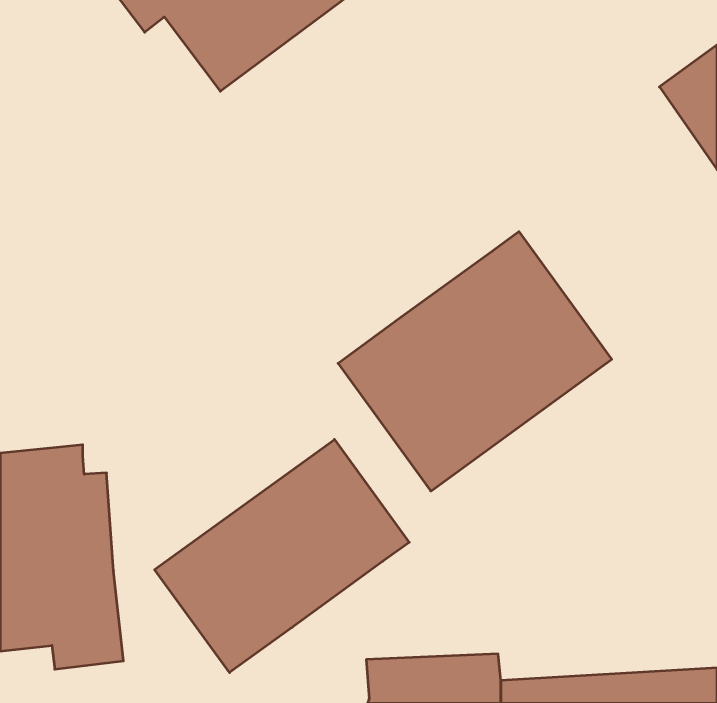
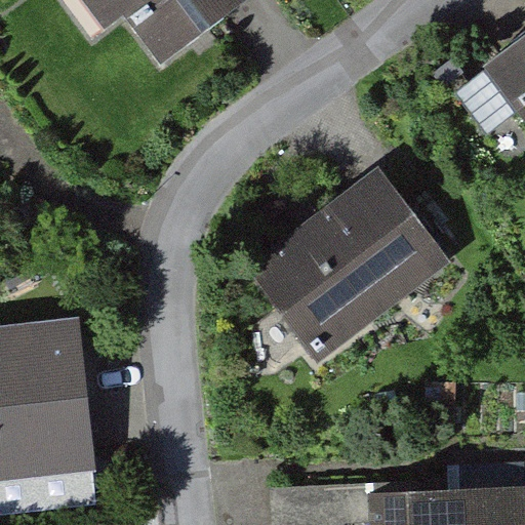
building: [155,439,409,673] -> none

